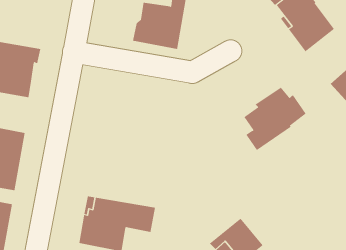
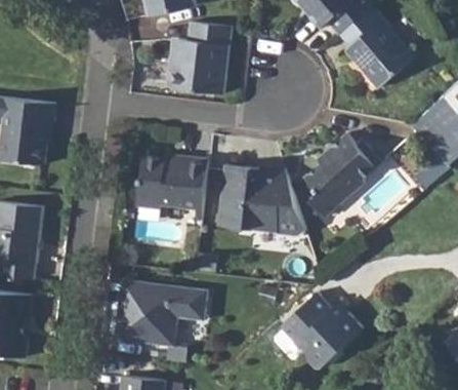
building: none -> [137,154,209,208]
building: none -> [222,180,311,251]

